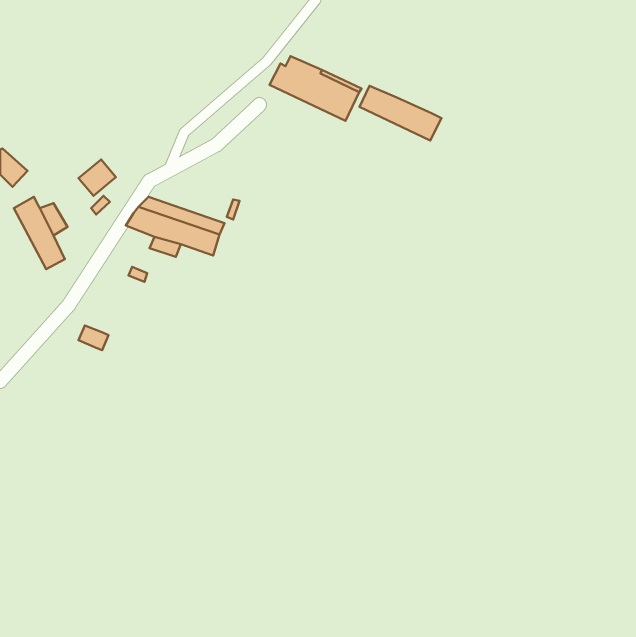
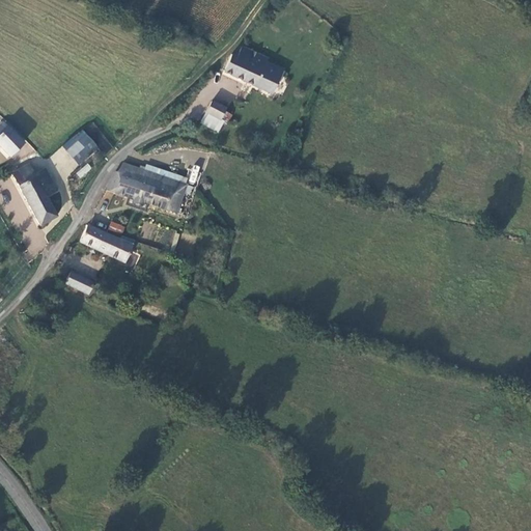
building: [359,86,442,140] -> none
building: none -> [202,101,232,131]
building: none -> [80,225,133,261]

